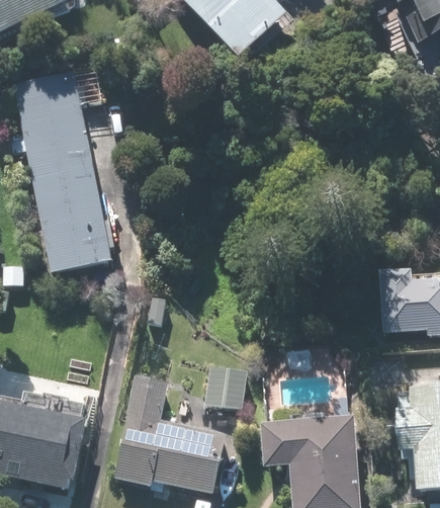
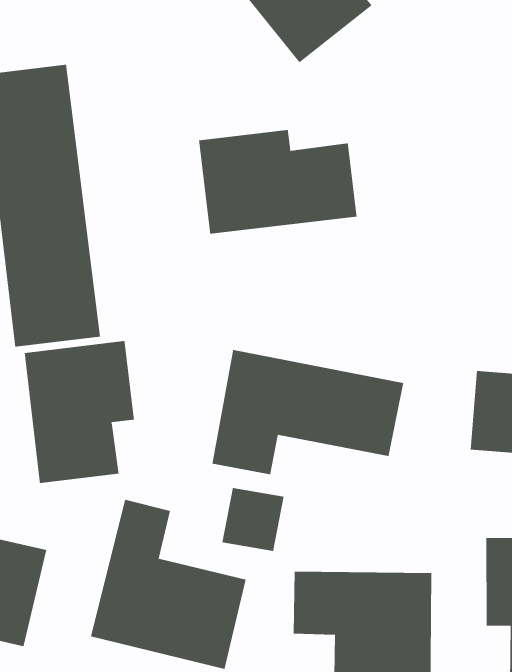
building: none -> [199,129,357,234]
building: none -> [24,340,135,484]
building: none -> [212,349,404,475]

